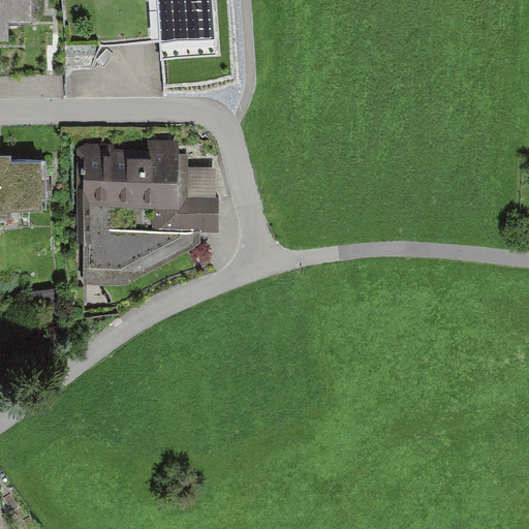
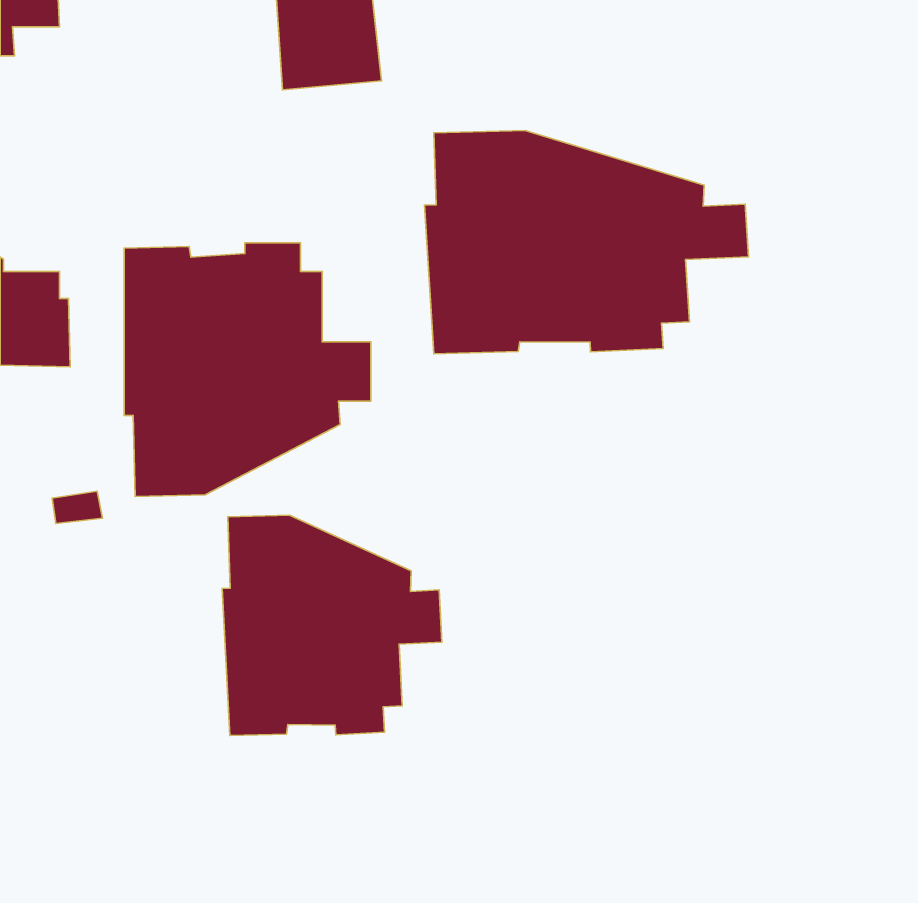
building: none -> [425,131,749,354]
building: none -> [222,515,442,735]

